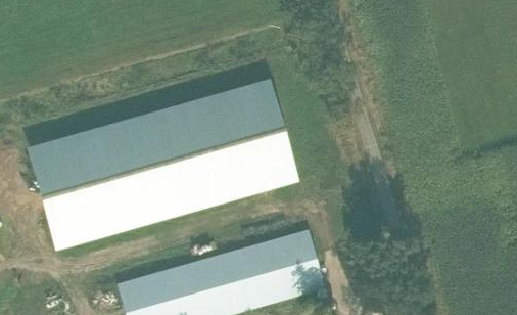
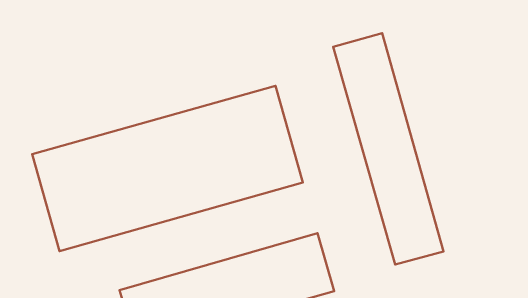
building: none -> [333,33,443,264]

